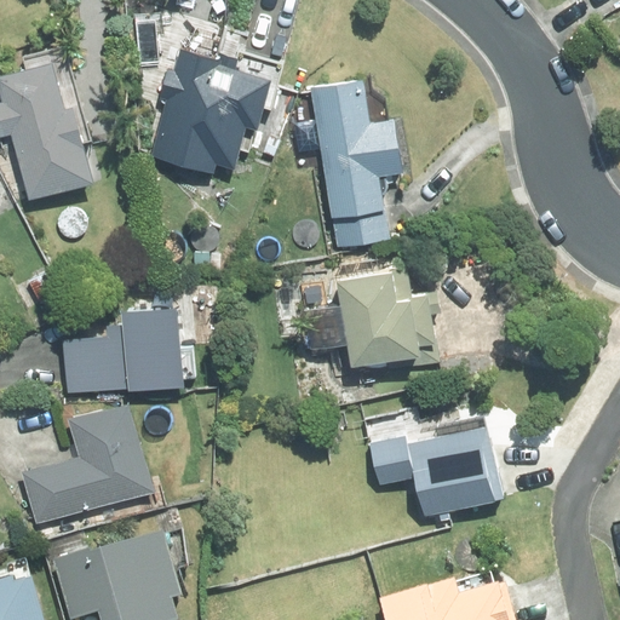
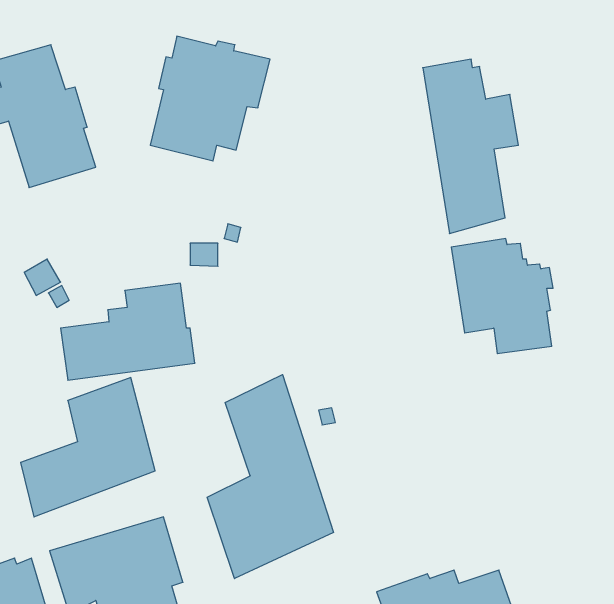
building: [308,81,403,256] -> [423,59,518,234]
building: [338,264,440,379] -> [451,239,553,354]
building: none -> [207,375,334,579]
building: [366,419,504,519] -> none

